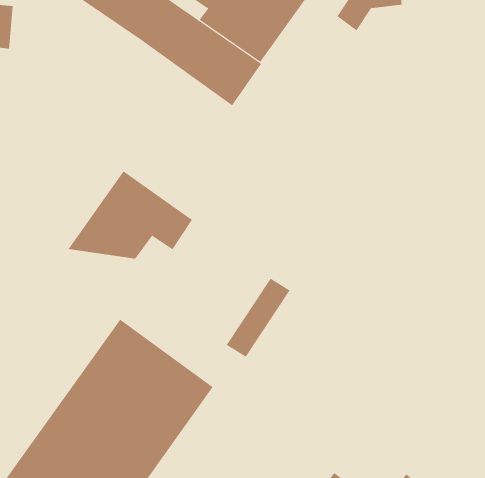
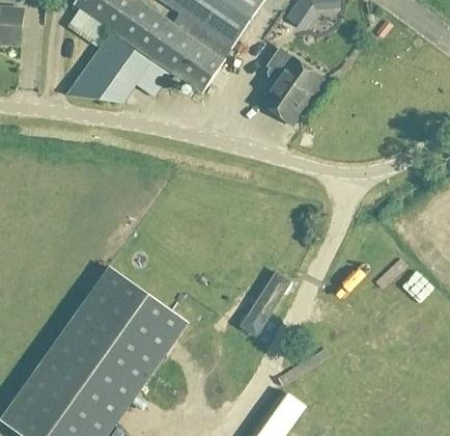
building: none -> [258,49,325,125]
building: [68,171,193,259] -> [67,31,170,104]
building: [226,278,291,358] -> [240,271,292,336]

